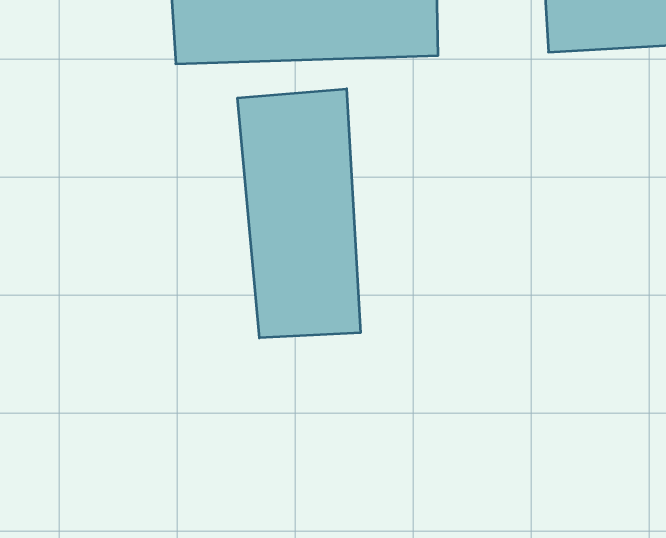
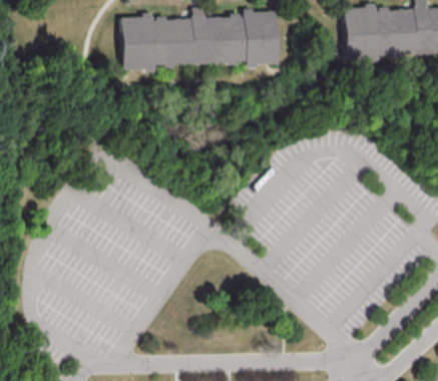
building: [238,89,360,338] -> none

